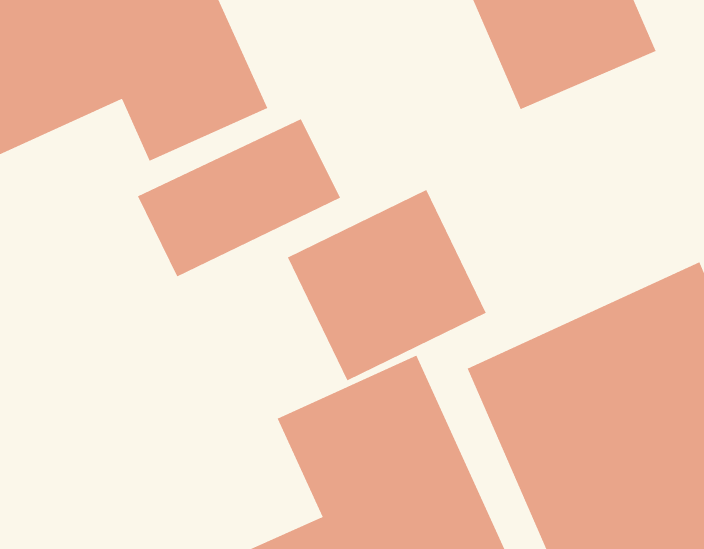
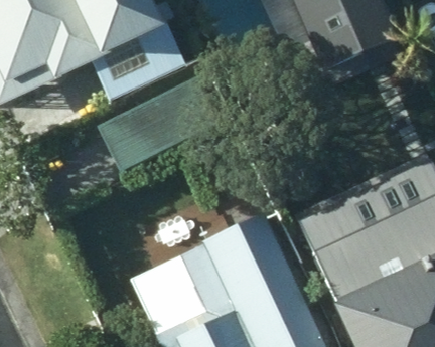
building: [287,189,486,381] -> none

